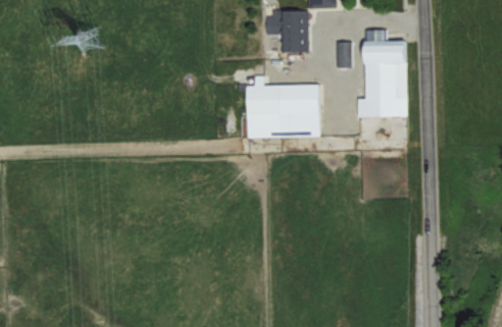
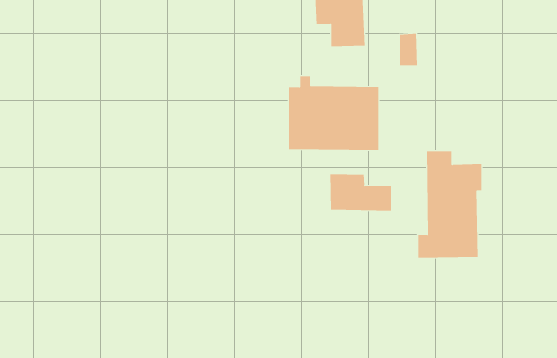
building: [357,30,410,117] -> [417,151,482,258]
building: none -> [330,174,392,211]

